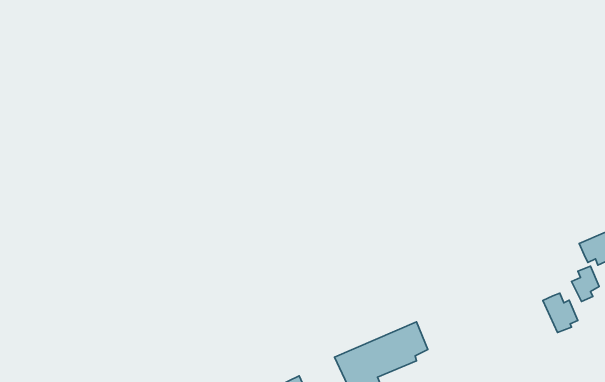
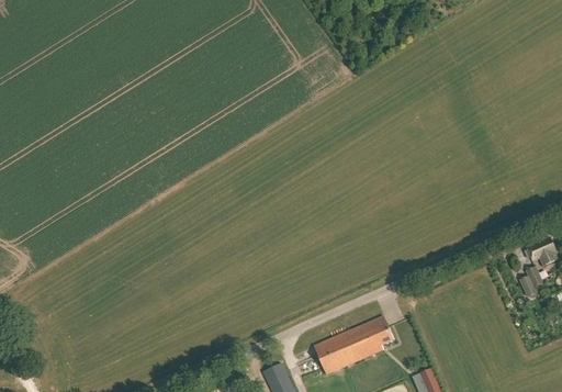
building: [543,293,578,332] -> none

